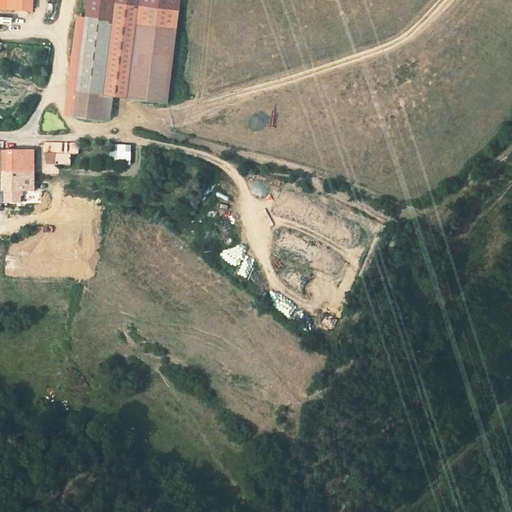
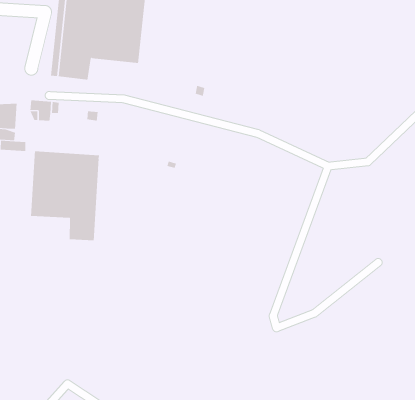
building: none -> [30,151,100,241]

